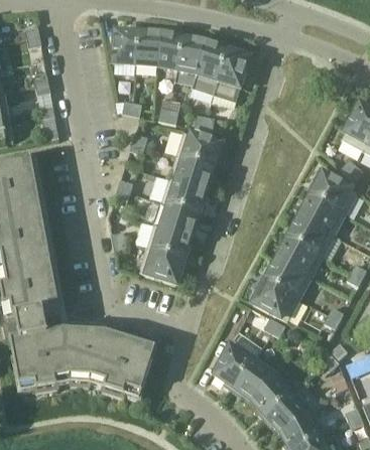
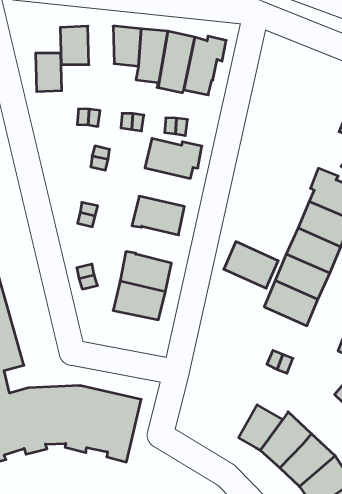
building: [136,31,159,64] -> [36,53,62,92]
building: [168,154,213,189] -> none
building: [161,202,199,236] -> none
building: [253,279,299,320] -> [224,242,278,288]
building: [215,337,257,387] -> none

